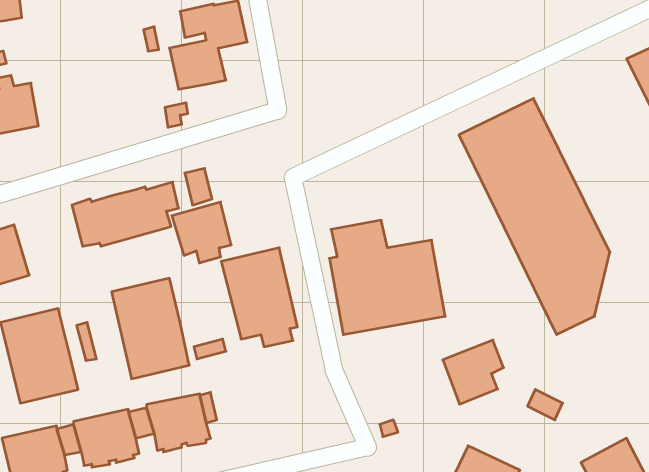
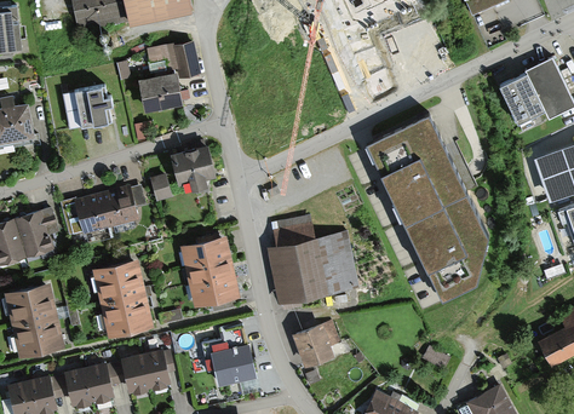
building: none -> [63,85,114,128]
building: [172,202,231,263] -> [170,140,217,189]
building: none -> [15,206,58,257]
building: [443,340,504,404] -> [292,321,340,372]
building: none -> [201,326,257,389]

